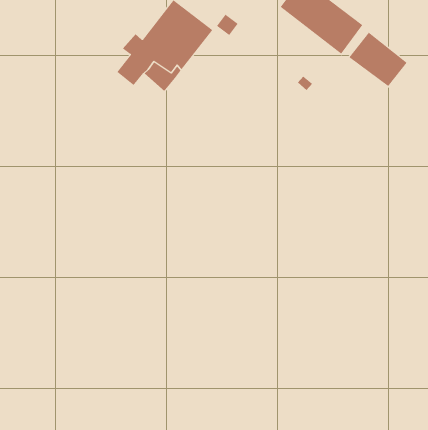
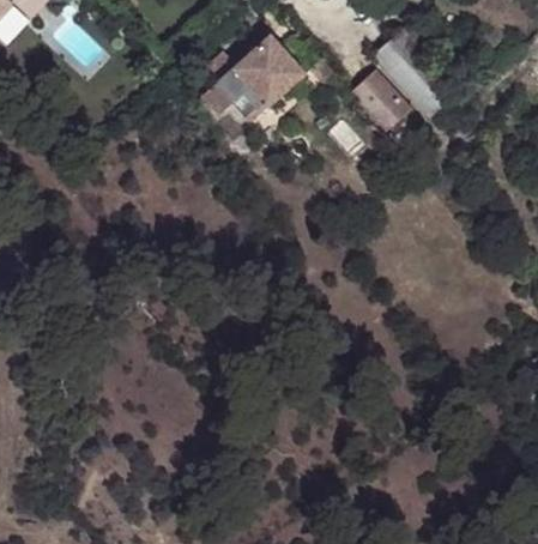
building: [348,32,407,87] -> [351,69,410,128]

